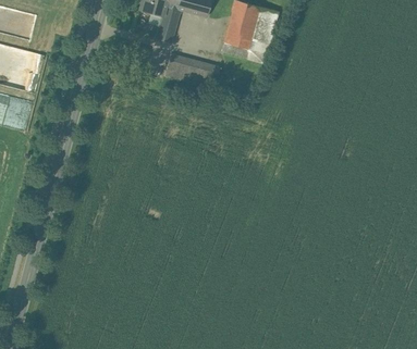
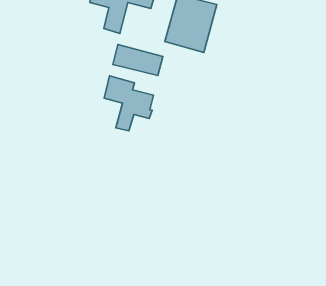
building: none -> [104,76,153,131]

